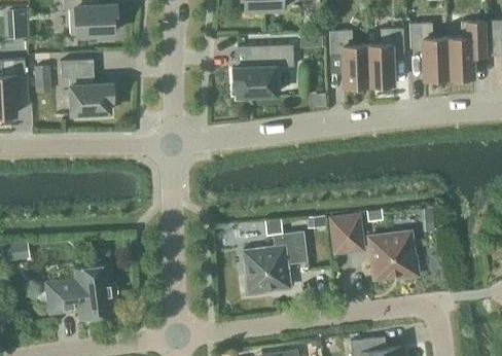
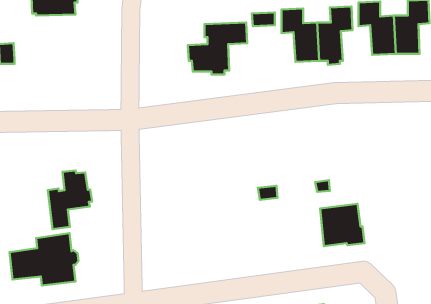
building: [60,60,113,117] -> none
building: none -> [48,170,92,229]
building: [330,216,363,254] -> none
building: [243,233,308,297] -> none

